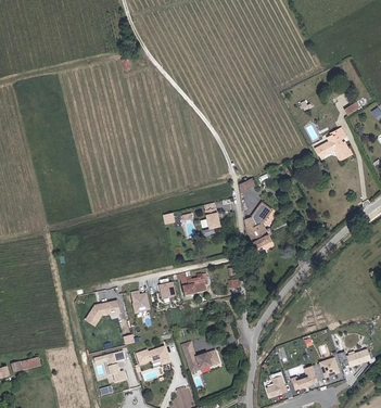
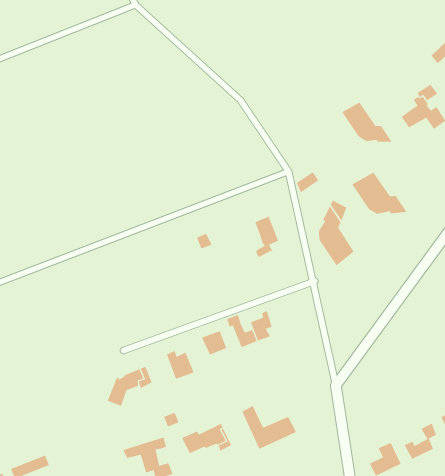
building: none -> [341,102,392,143]
building: none -> [352,172,408,214]

